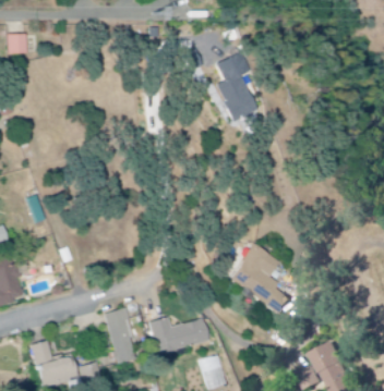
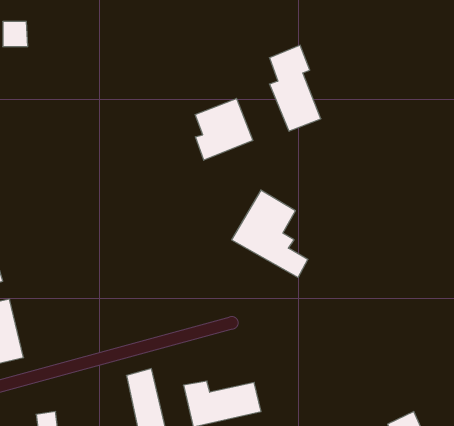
building: none -> [195,98,253,160]
building: [230,243,290,311] -> [232,190,308,277]

